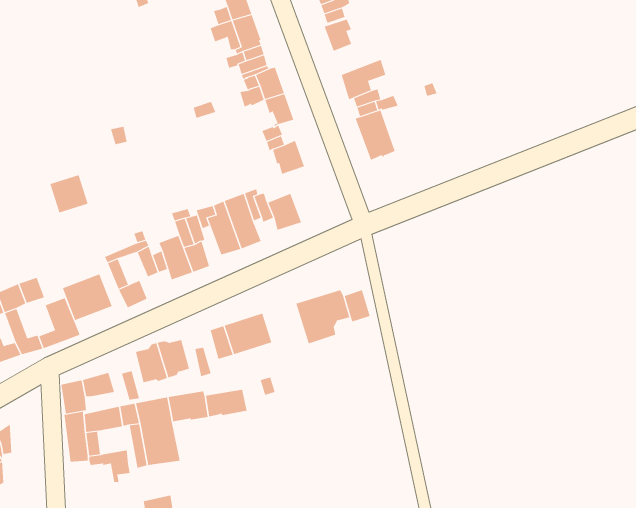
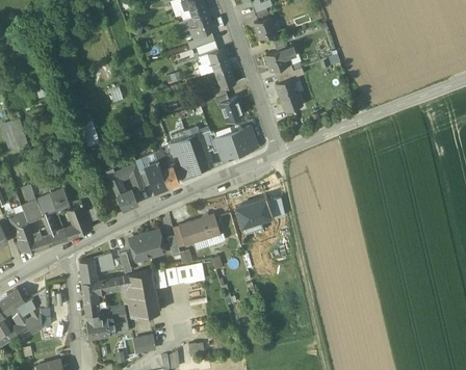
building: none -> [232,128,257,154]
building: [62,273,112,321] -> none
building: none -> [84,315,108,337]

